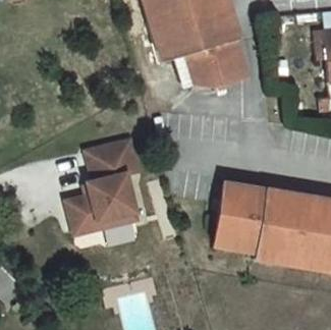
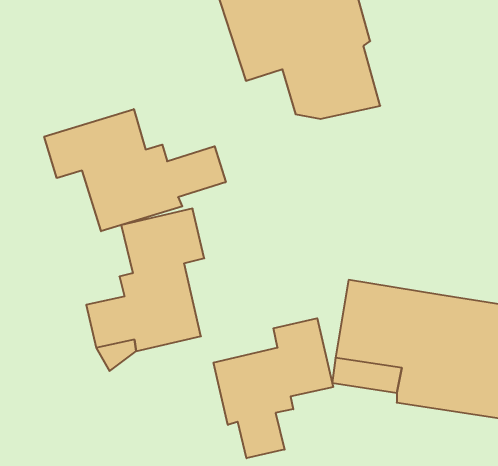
building: none -> [44,109,226,231]
building: none -> [214,318,333,458]

